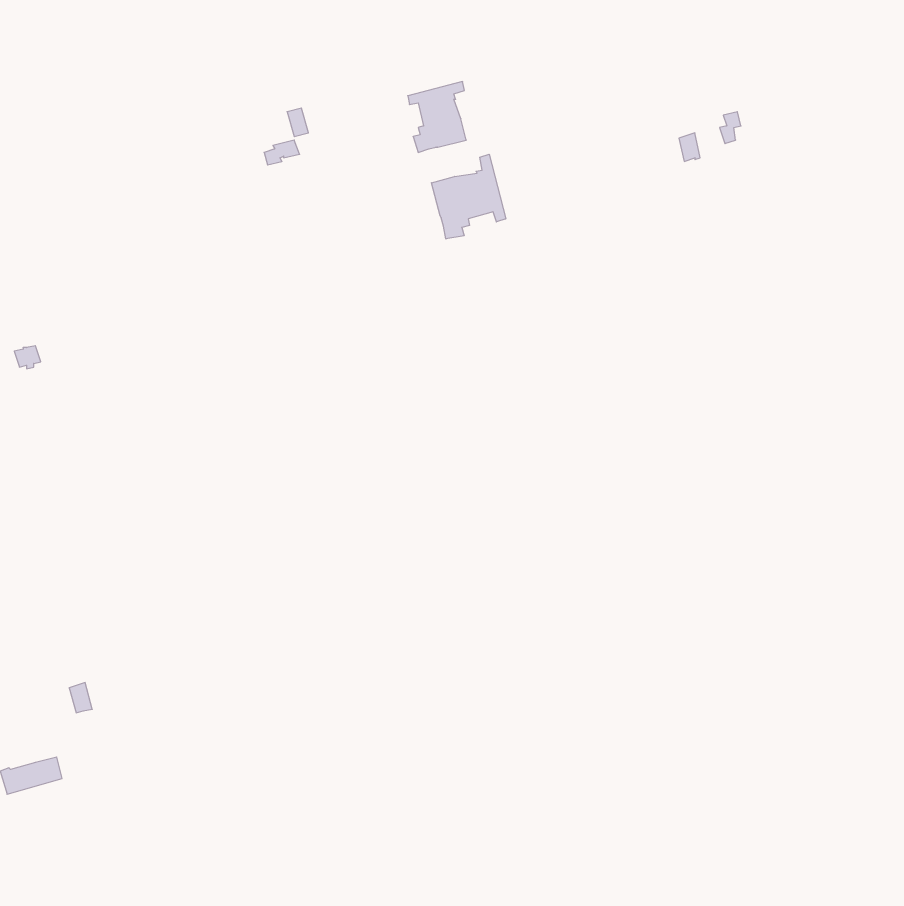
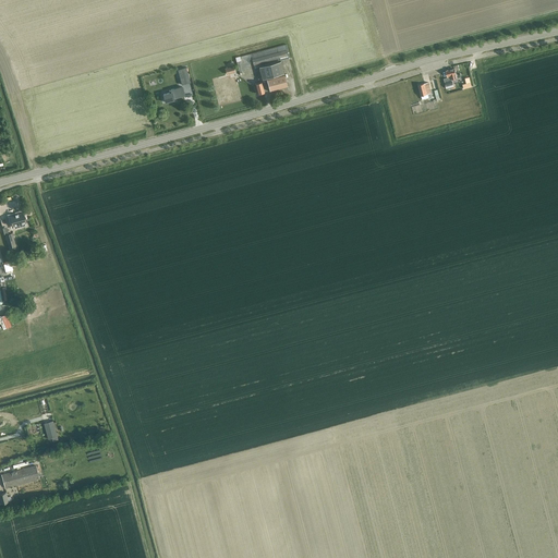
building: [431,154,506,239] -> none

